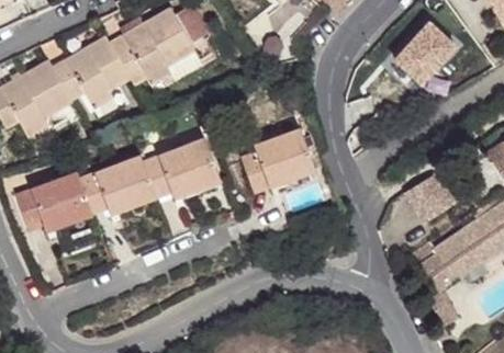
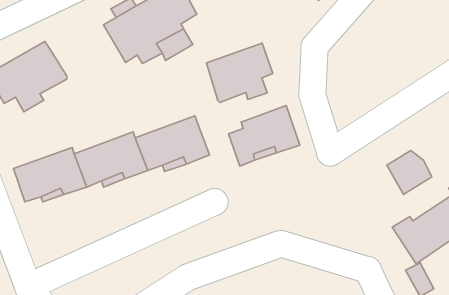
building: [396,23,456,82] -> none
building: [53,37,130,106] -> none
building: none -> [206,43,273,103]

